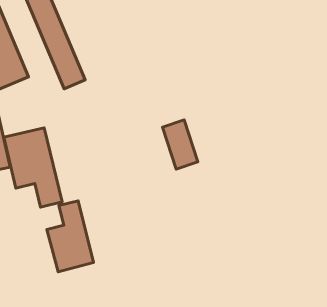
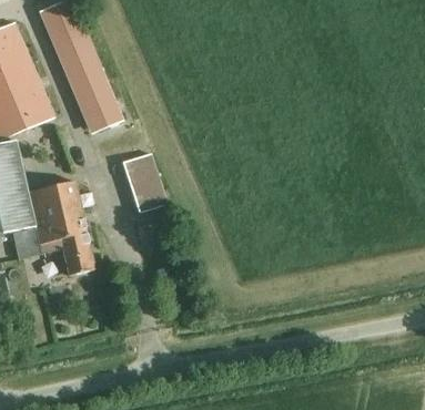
building: [162,120,198,169] -> [123,155,166,215]
building: [47,201,93,272] -> none

